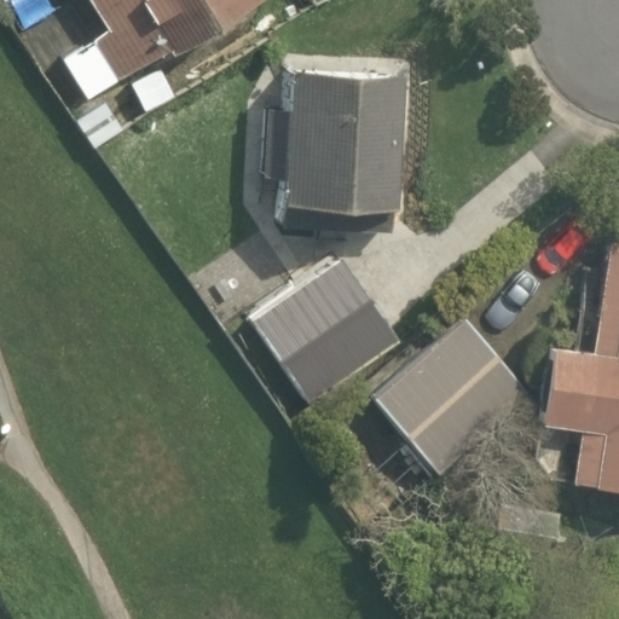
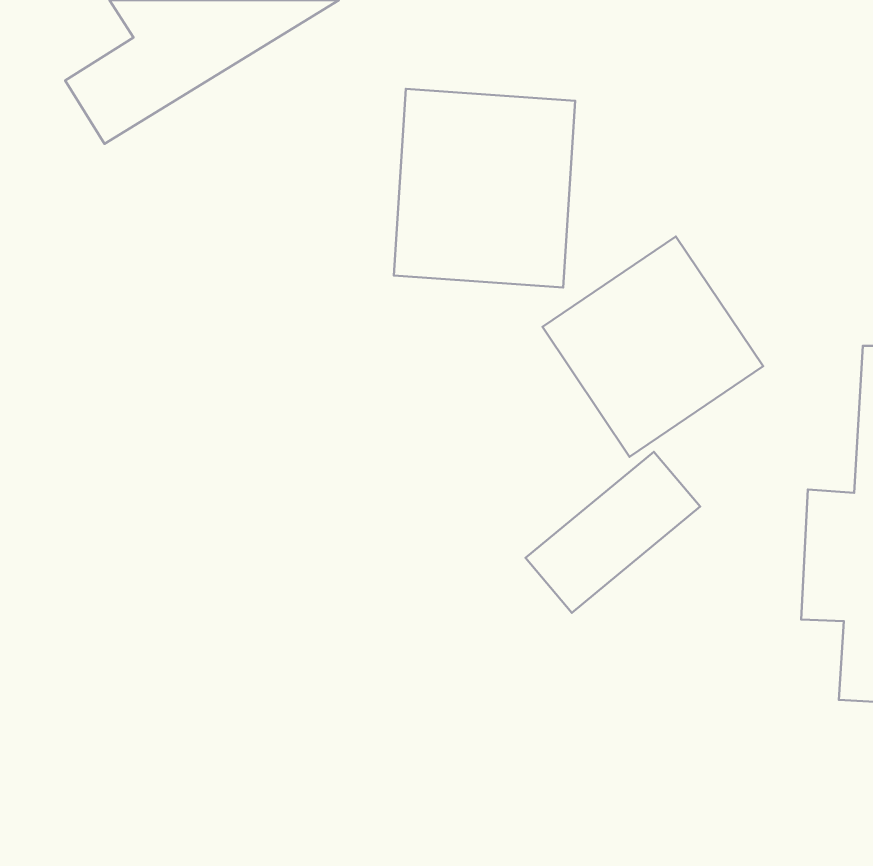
building: none -> [543,236,763,457]
building: [247,264,395,403] -> none

